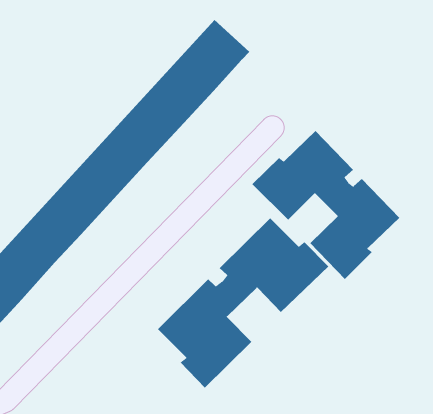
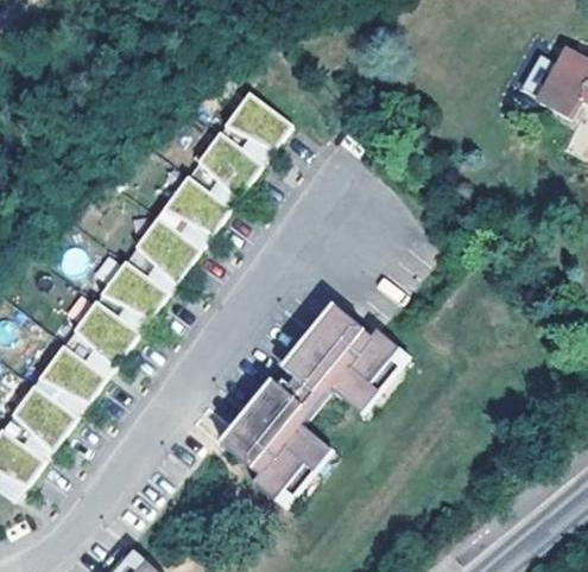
building: [252,130,400,280] -> none

